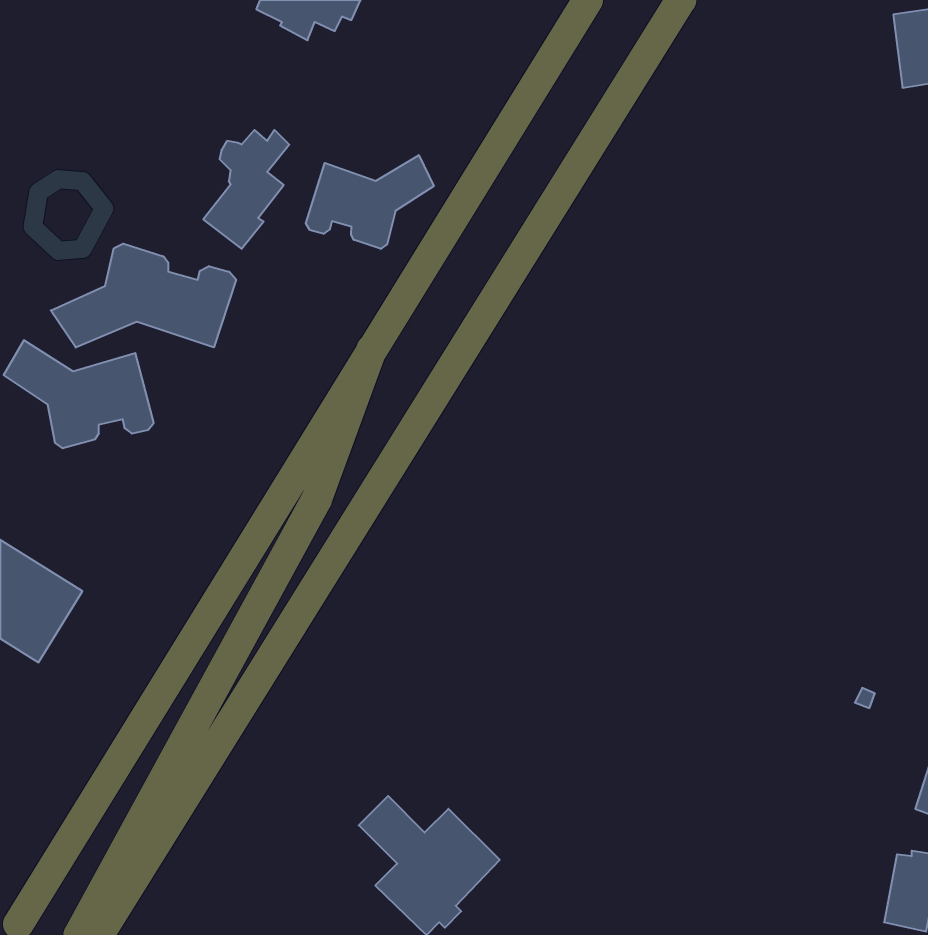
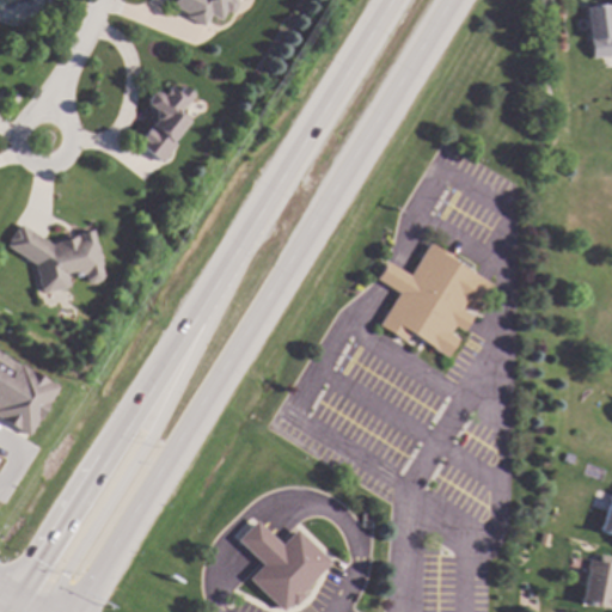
building: [306,155,434,249] -> none
building: [51,244,236,348] -> none
building: none -> [378,243,492,356]

